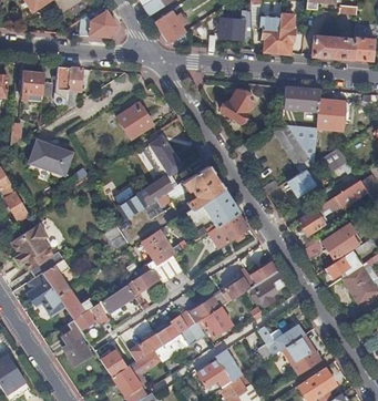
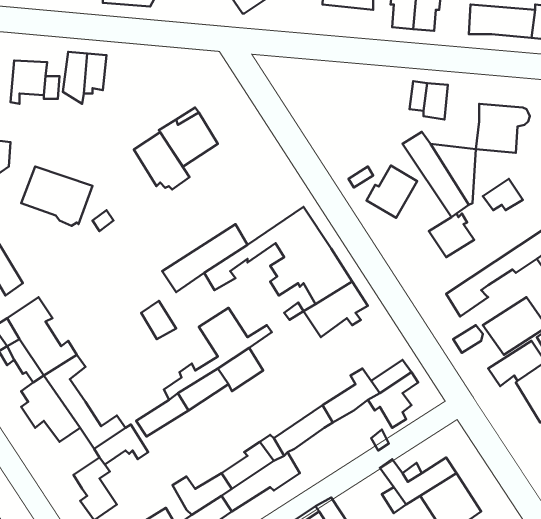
building: [297,88,320,111] -> none
building: [222,89,254,122] -> [367,166,417,218]
building: [145,137,181,174] -> [134,132,190,189]
building: [202,306,232,337] -> none

